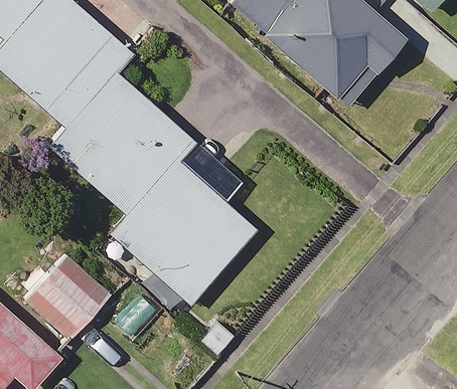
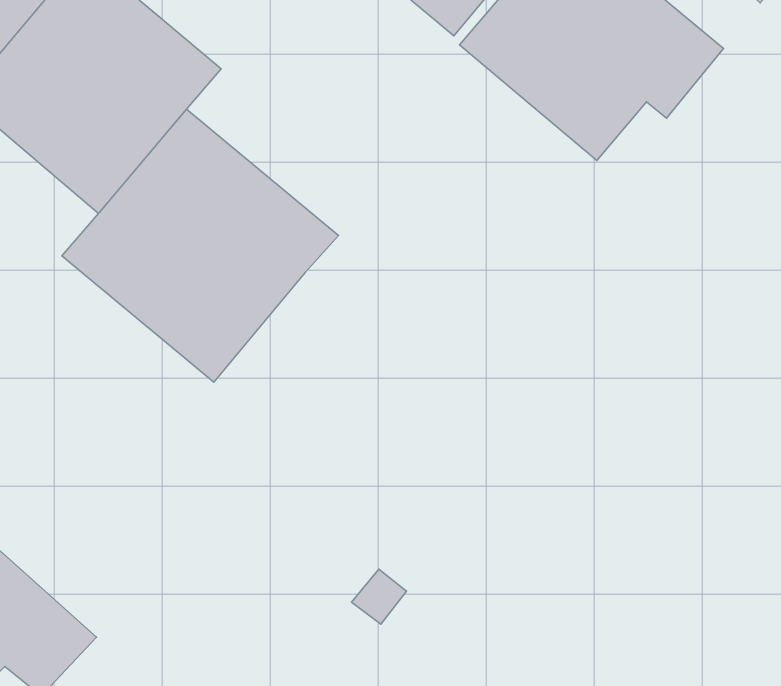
building: [111,159,259,306] -> none
building: [26,251,113,338] -> none

